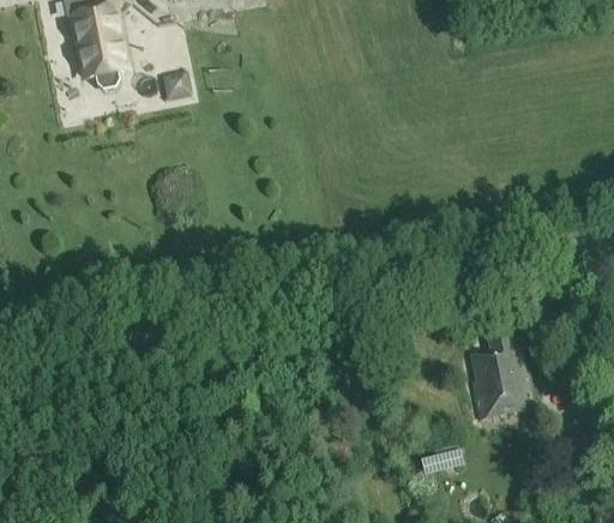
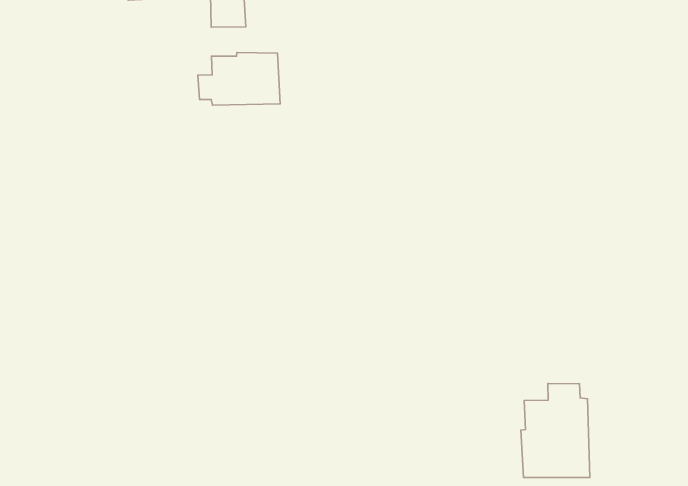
building: none -> [198,53,280,105]

